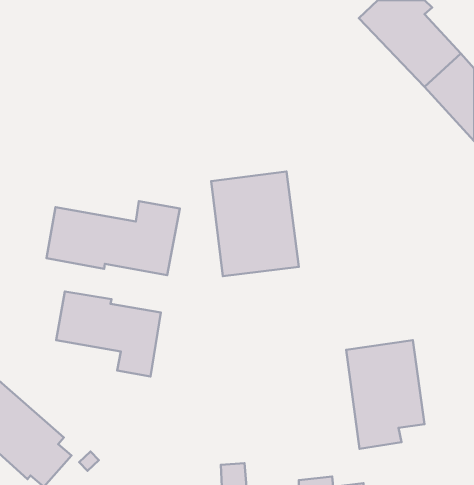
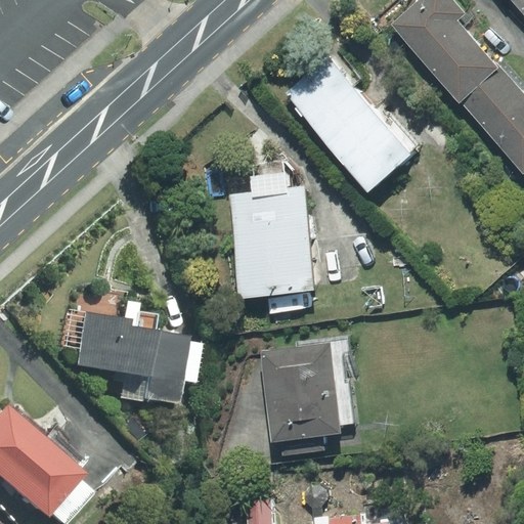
building: none -> [285,53,418,191]
building: [47,201,180,275] -> none
building: [346,340,424,449] -> [259,341,343,457]

